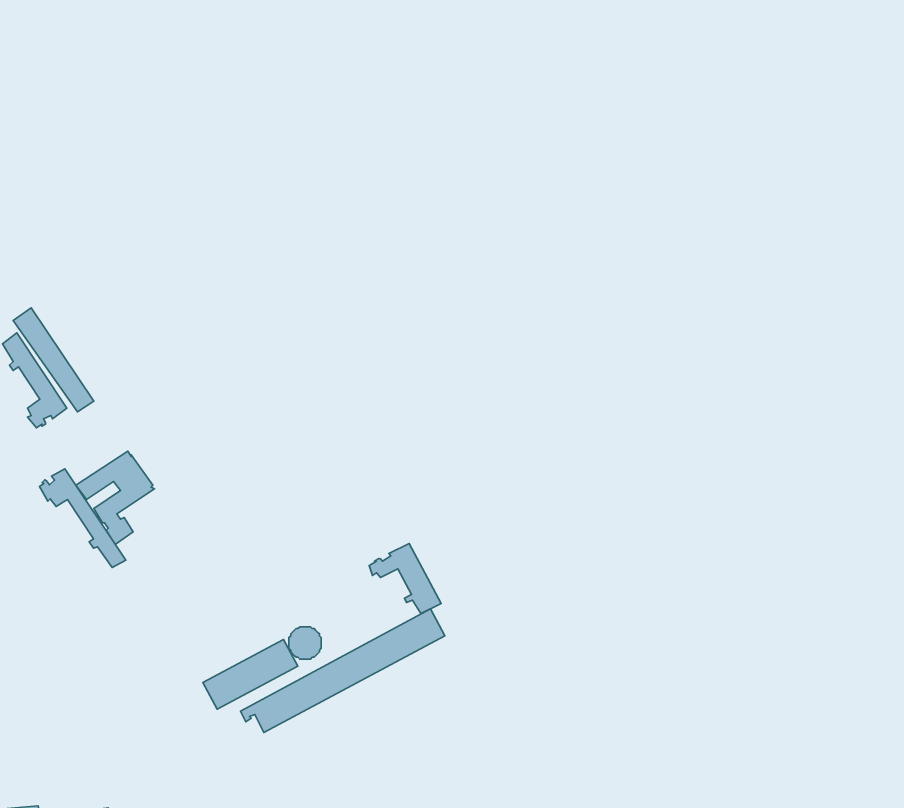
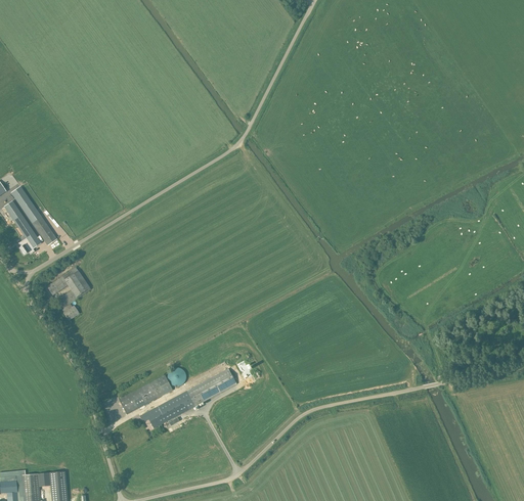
building: [39,469,126,568] -> none
building: [369,544,441,614] -> none

